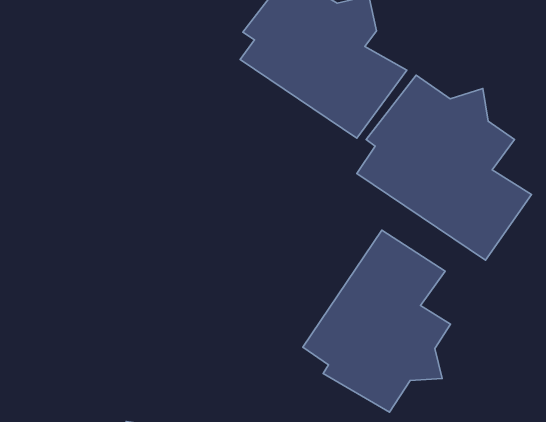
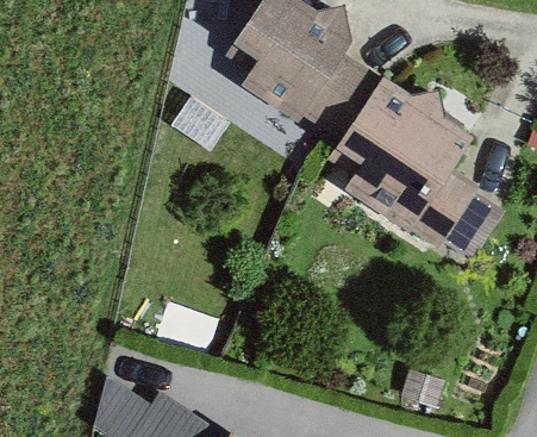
building: [303,230,451,412] -> none

